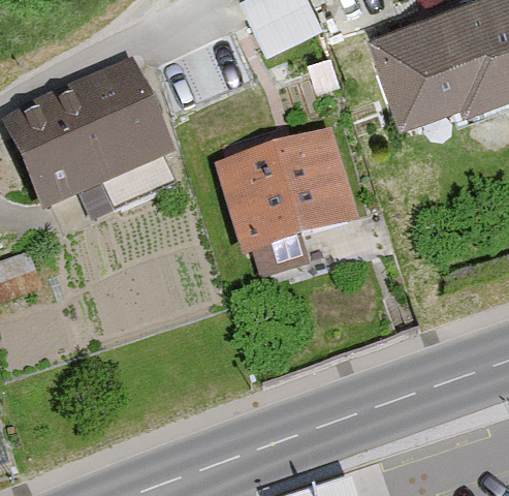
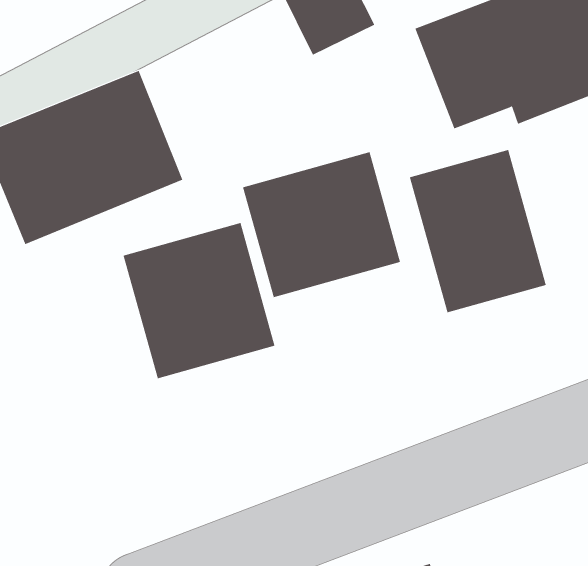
building: none -> [409,149,546,313]
building: none -> [123,222,275,379]

